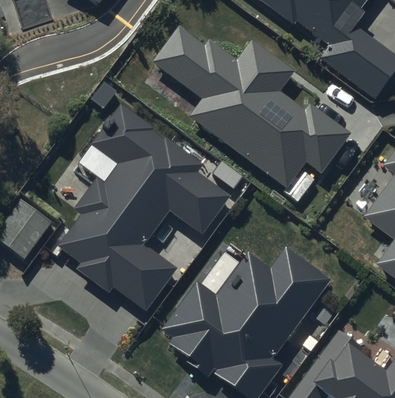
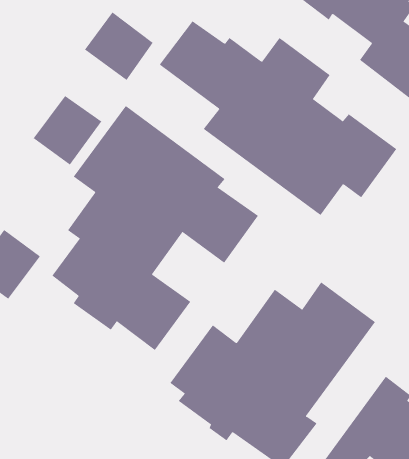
building: none -> [84,11,154,81]
building: none -> [33,95,102,166]

